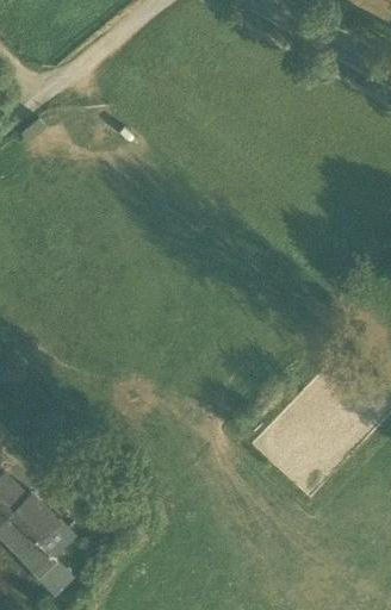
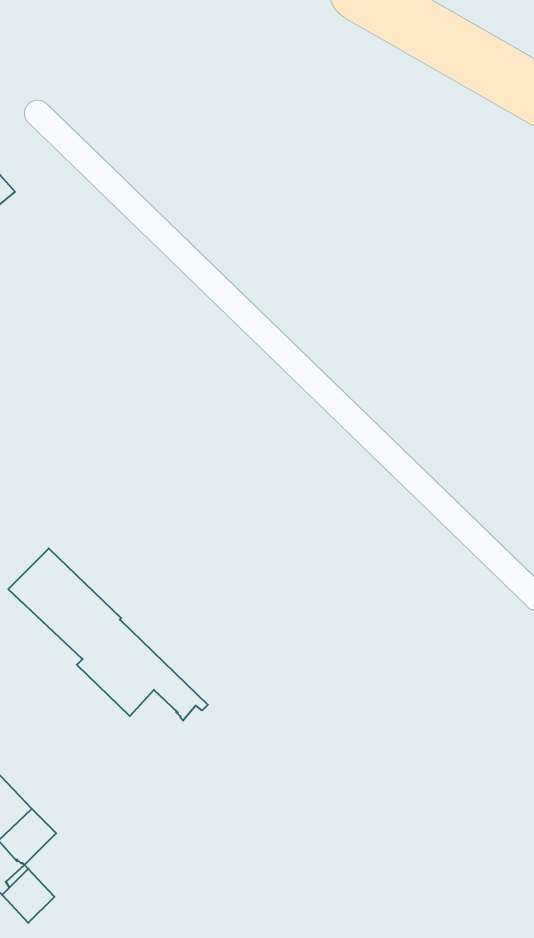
building: none -> [8,548,208,721]

